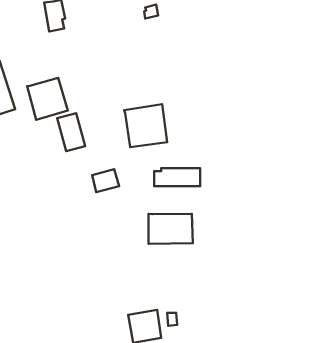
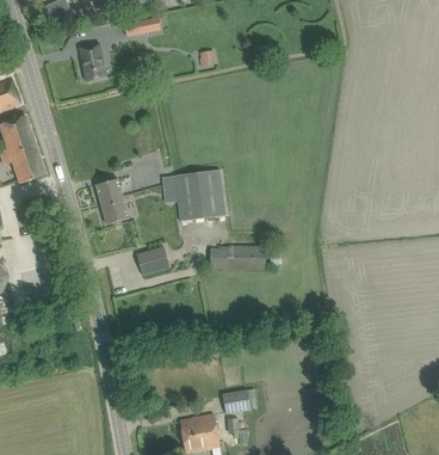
building: [27,78,68,120] -> none
building: [148,214,193,244] -> none
building: none -> [221,391,249,413]

